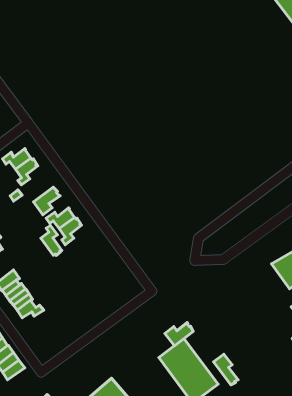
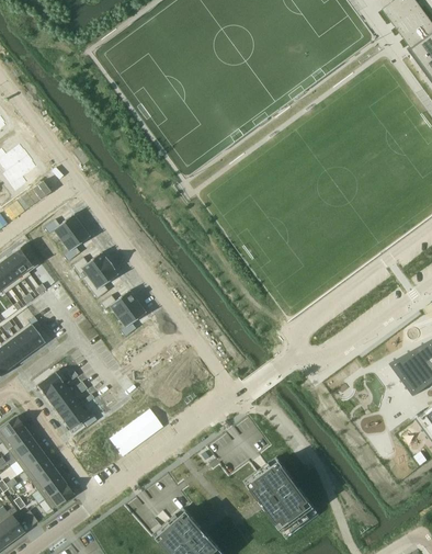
building: none -> [71,253,109,283]
building: [41,226,62,256] -> none
building: none -> [109,410,161,456]
building: [165,323,193,346] -> none
building: [214,354,238,385] -> none

